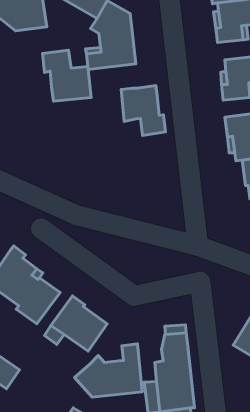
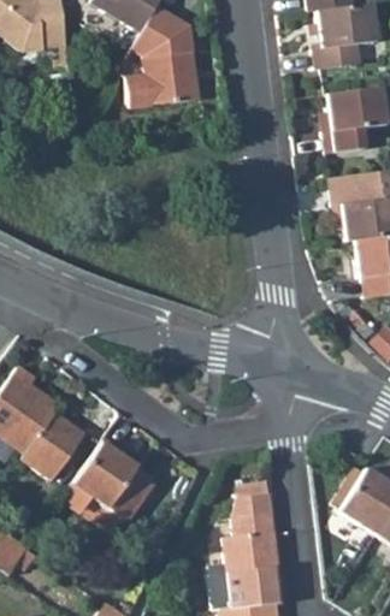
building: [42,50,91,101] -> none
building: [121,86,166,135] -> none
building: [74,344,142,397] -> none

